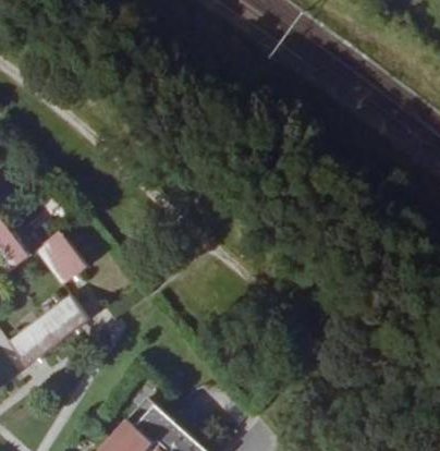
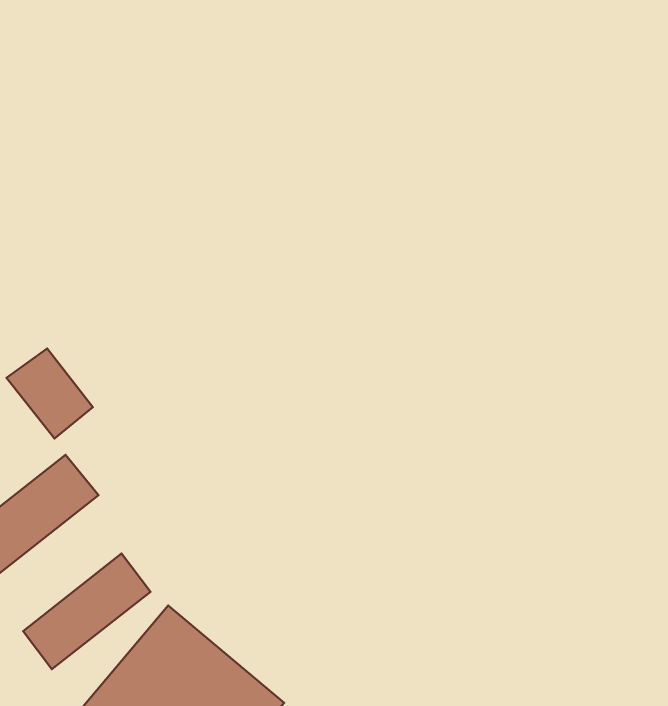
building: none -> [23,554,150,669]

